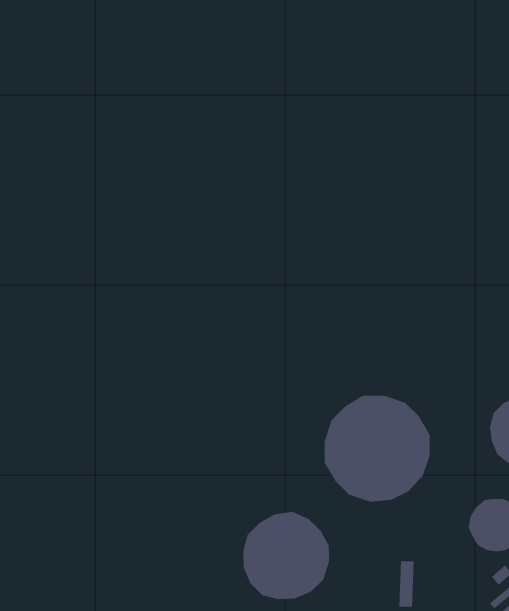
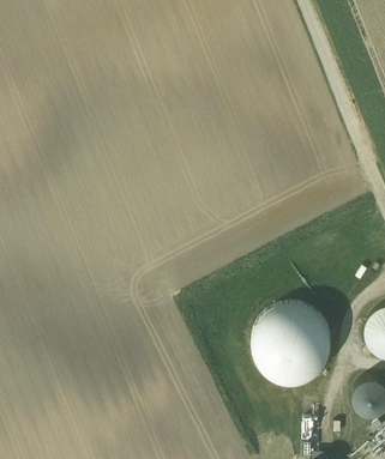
building: [243,511,329,600] -> none

